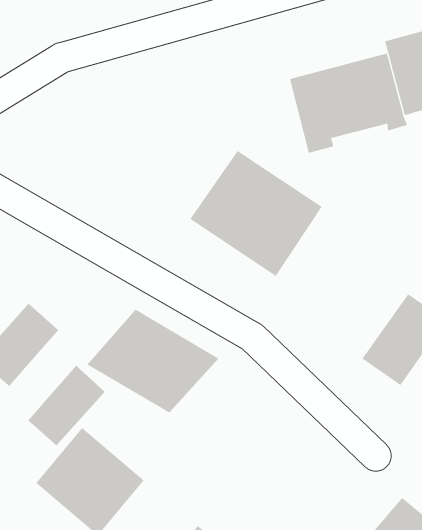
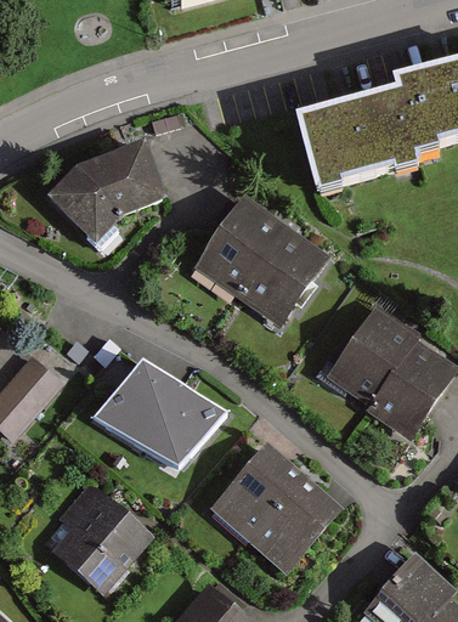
building: none -> [45,142,164,245]
building: none -> [329,307,422,407]
building: [27,365,105,446] -> none
building: none -> [210,445,341,573]

